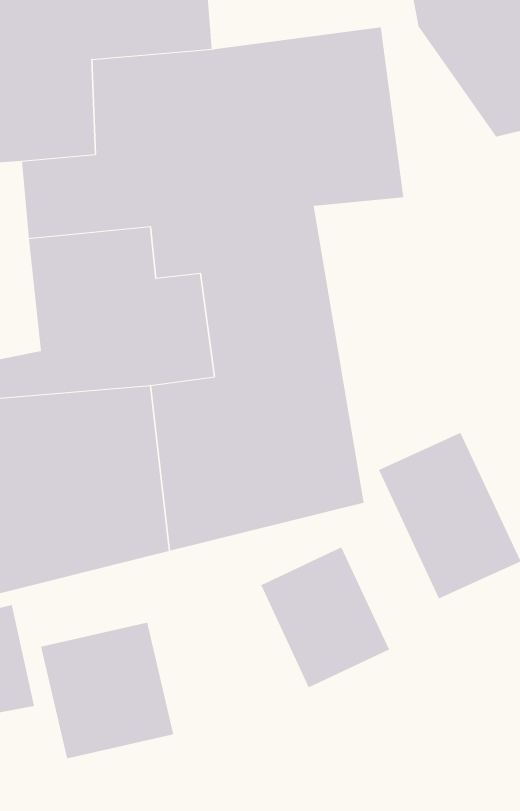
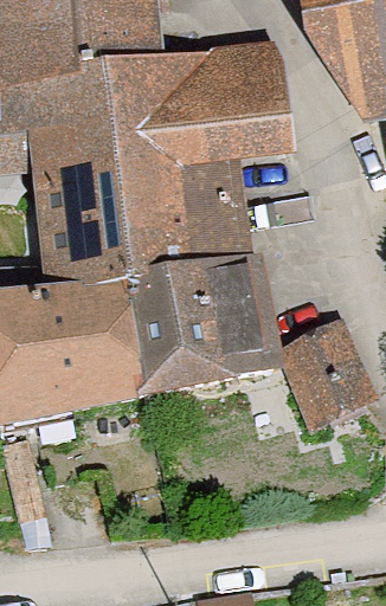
building: [260,546,390,688] -> none
building: [40,622,174,759] -> none

